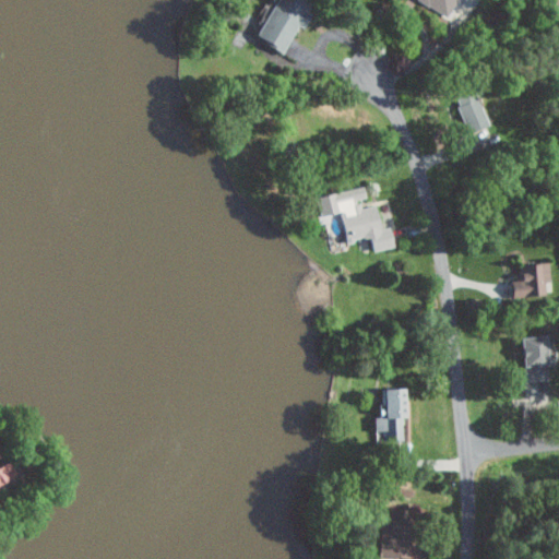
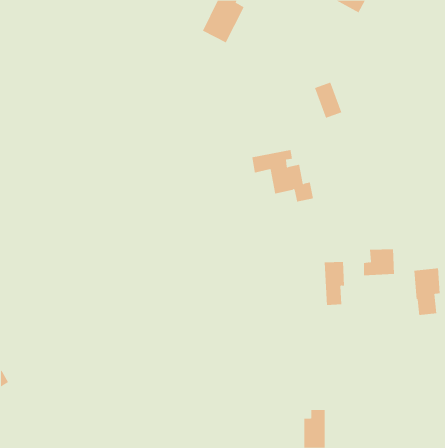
building: [454,87,489,133] -> [314,82,342,119]
building: [512,263,551,297] -> [363,249,395,276]
building: [383,388,409,442] -> [324,261,345,305]

